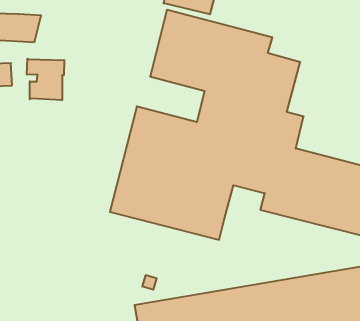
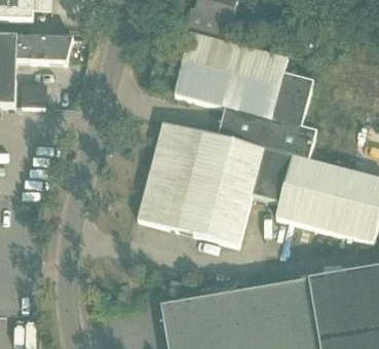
building: [27,59,64,100] -> none

